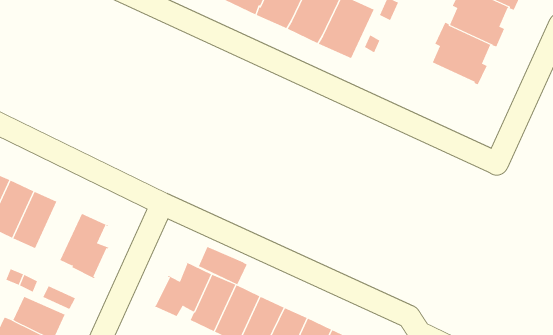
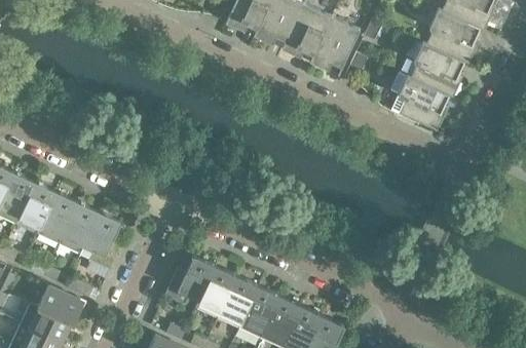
building: none -> [398,75,448,131]
building: none -> [58,201,99,254]
building: [198,246,247,285] -> none

